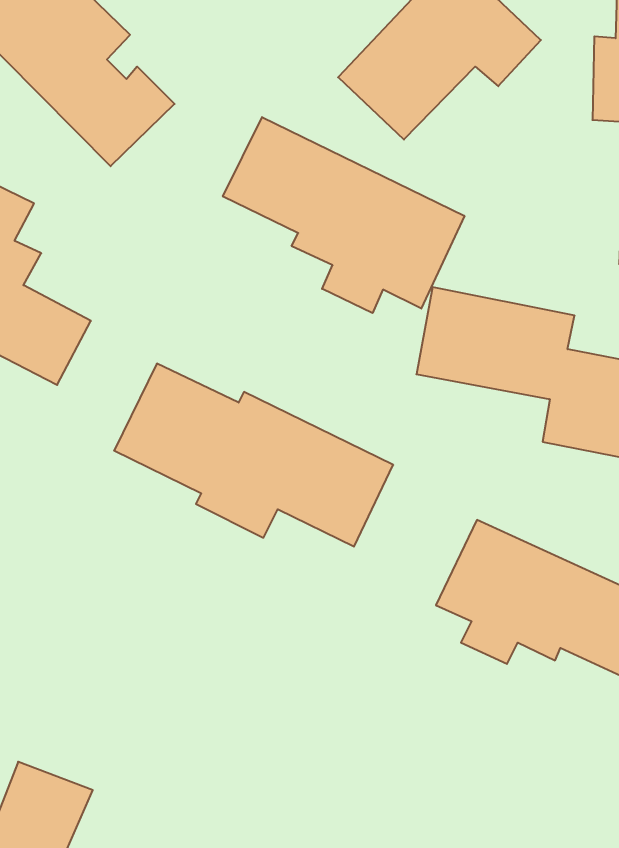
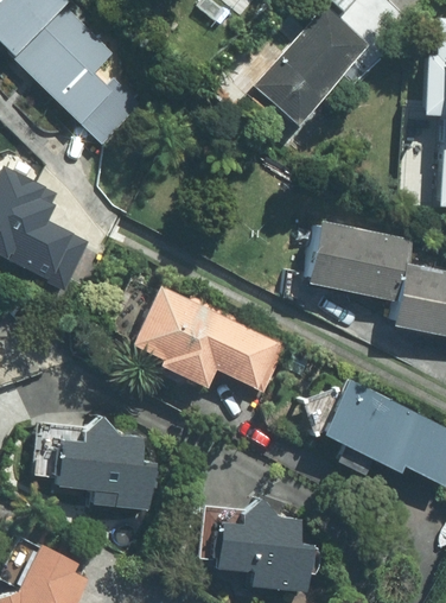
building: [223,117,464,313] -> none
building: none -> [39,420,149,508]
building: none -> [198,497,310,590]

